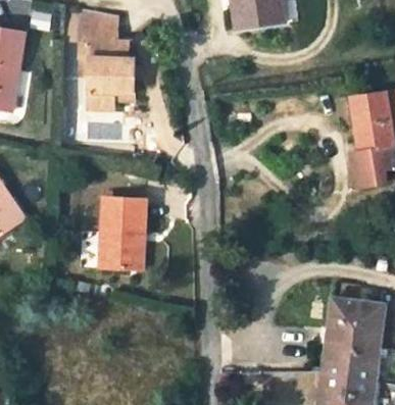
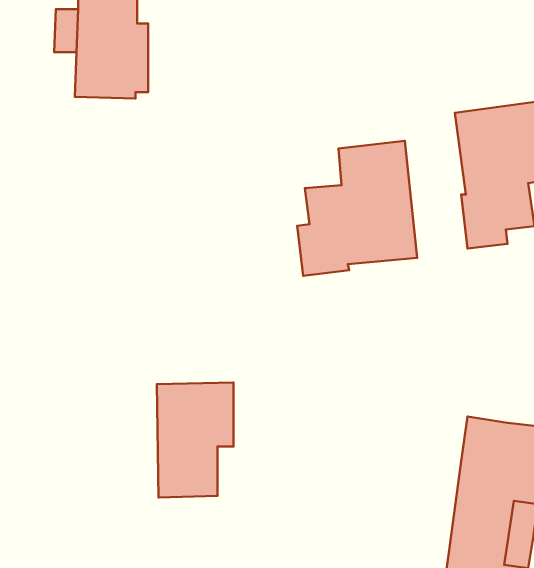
building: none -> [297,141,417,276]
building: [104,186,153,259] -> [157,382,234,497]

